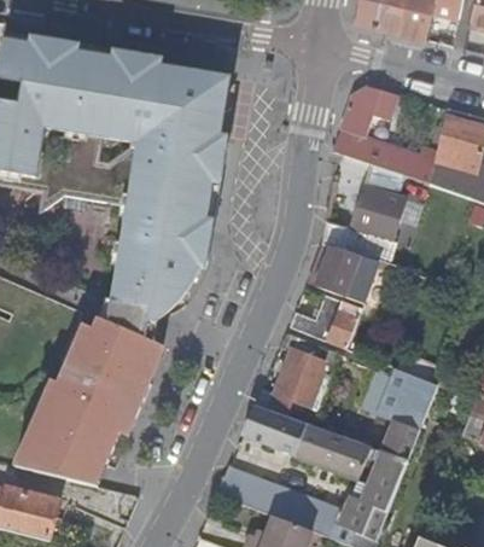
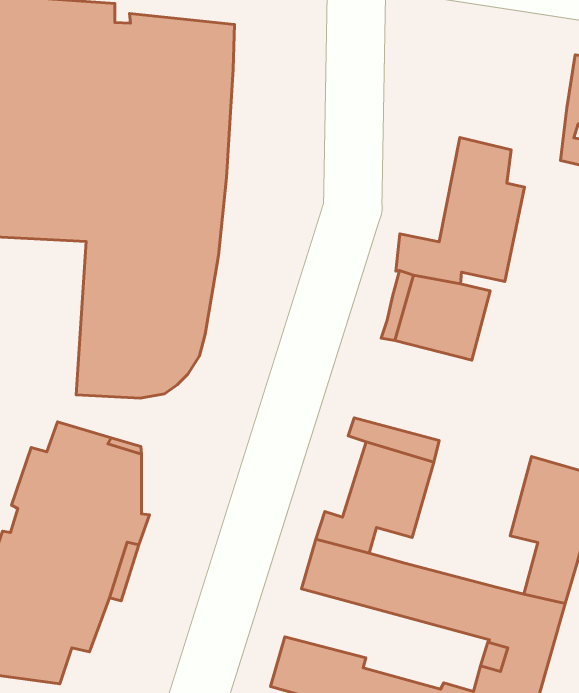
building: [334,87,438,184] -> none
building: [288,297,362,349] -> none

